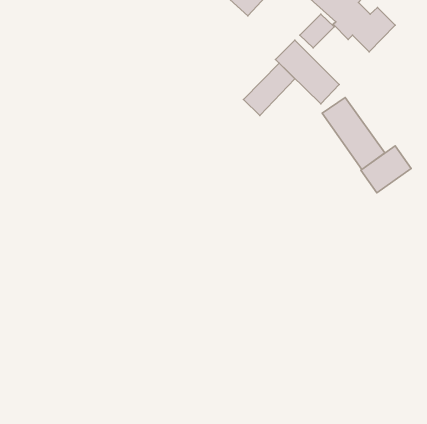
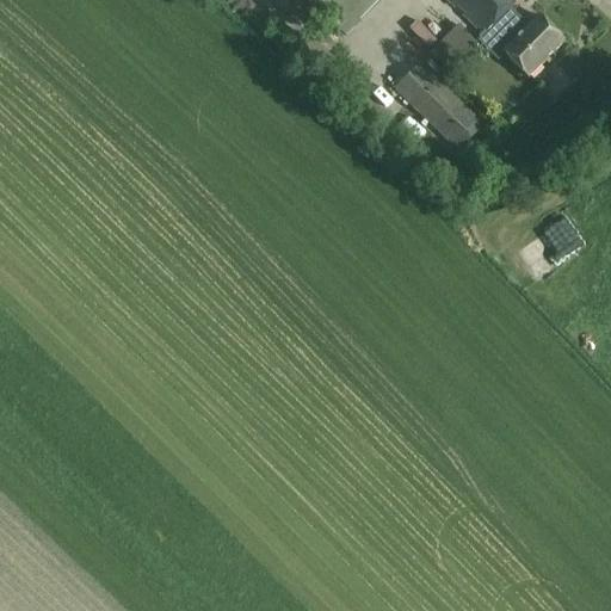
building: [243,63,295,115] -> none
building: [322,97,385,169] -> none

